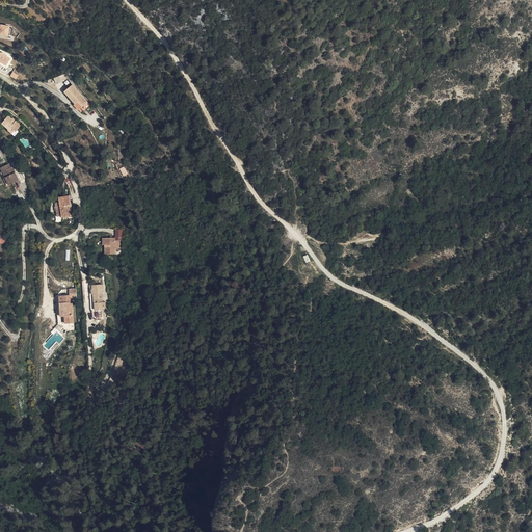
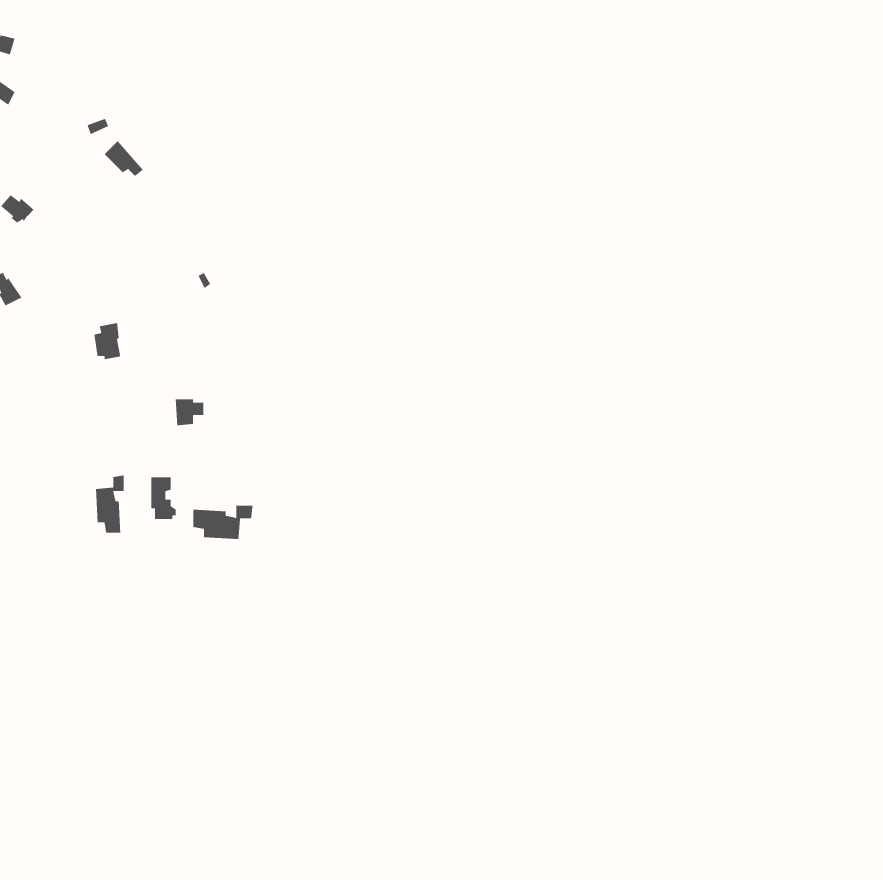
building: none -> [192,505,254,540]

